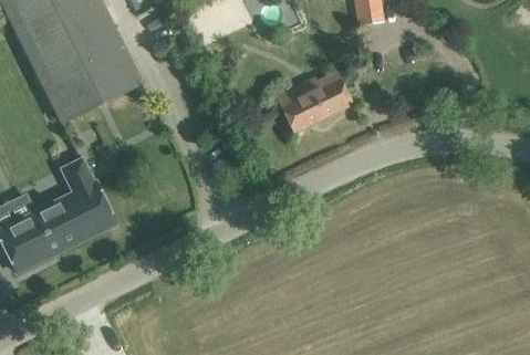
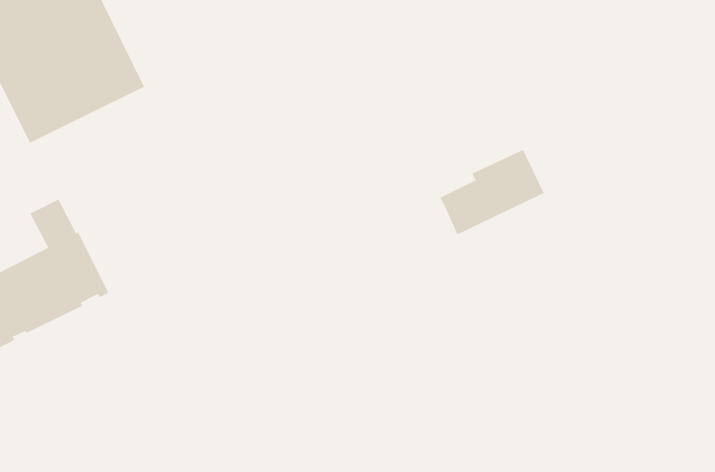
building: [280,73,352,132] -> [439,149,545,235]

